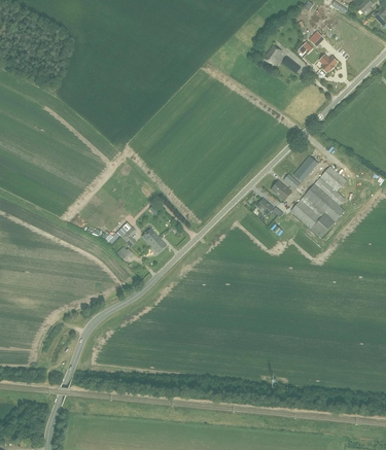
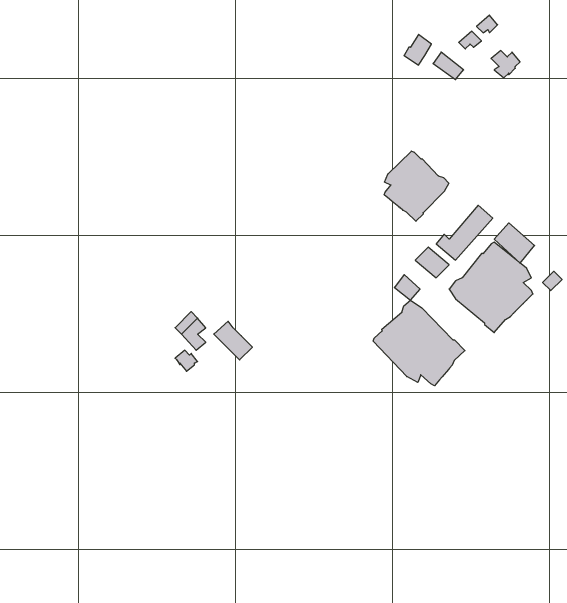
building: none -> [384,151,449,221]
building: none -> [373,300,465,386]

